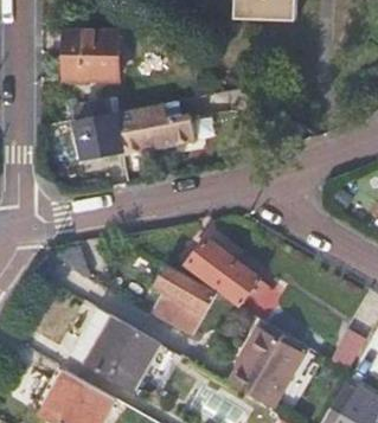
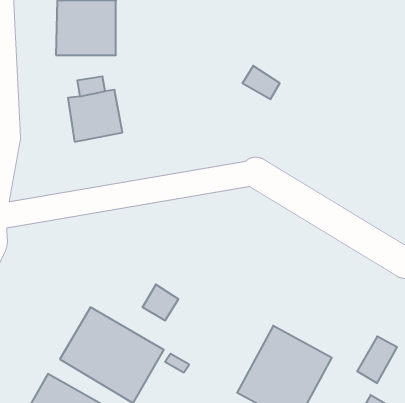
building: [116,103,186,154] -> none
building: [187,239,270,305] -> none
building: [153,267,199,327] -> none

